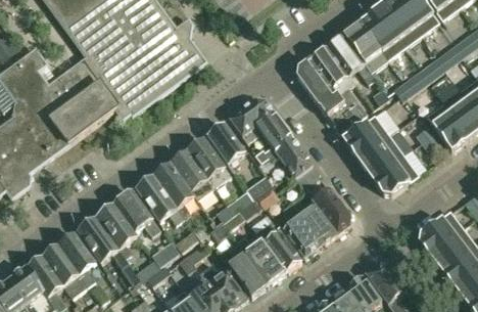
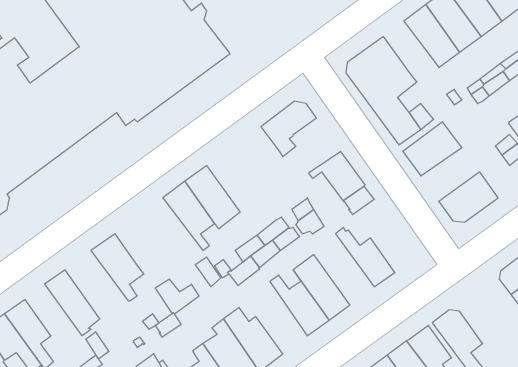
building: [327,34,366,76] -> none
building: [255,110,293,161] -> none
building: [207,122,244,162] -> none
building: [356,134,403,177] -> none
building: [187,136,230,185] -> none
building: [135,174,184,222] -> none
building: [312,186,350,233] -> none
building: [114,189,160,234] -> none
building: [282,203,320,257] -> none
building: [78,216,129,266] -> none
building: [228,240,267,296] -> none
building: [43,242,88,296] -> none

